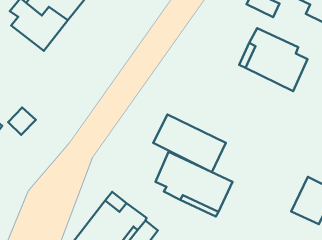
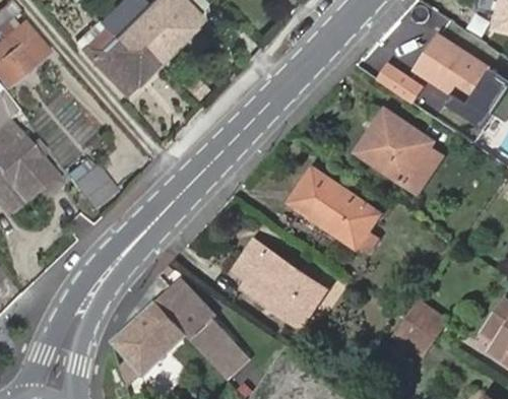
building: [153,115,226,172] -> [290,170,377,247]

